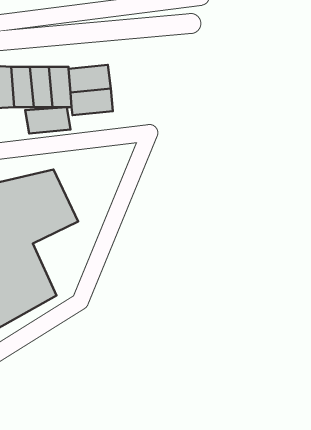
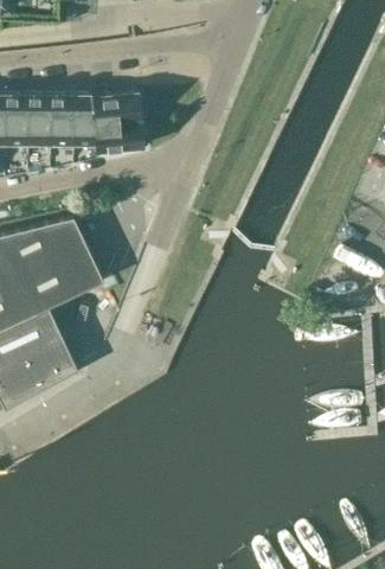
building: [25,107,71,134] -> none

